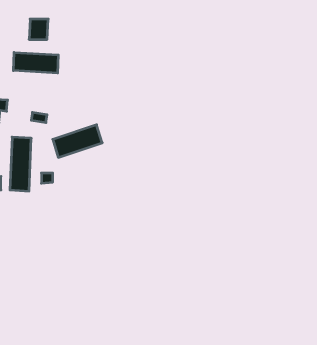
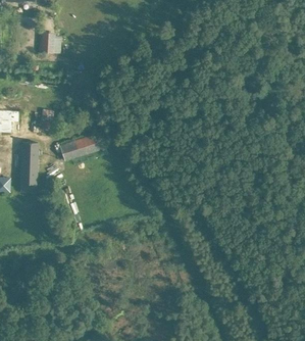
building: [13,52,58,73] -> none

